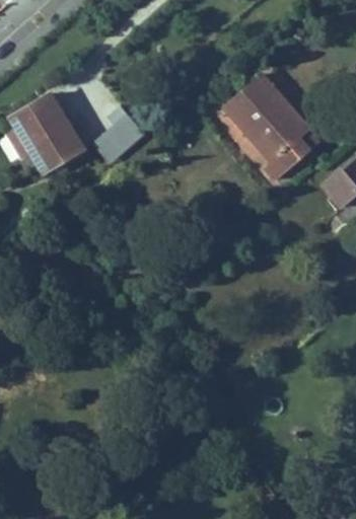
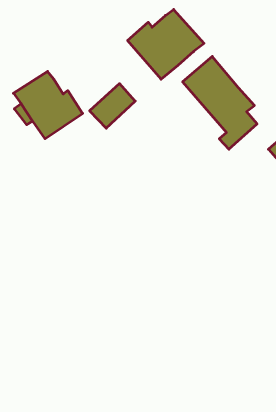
building: none -> [128,9,204,79]

